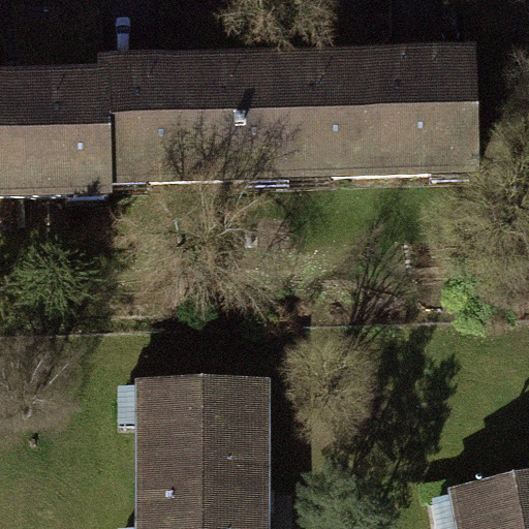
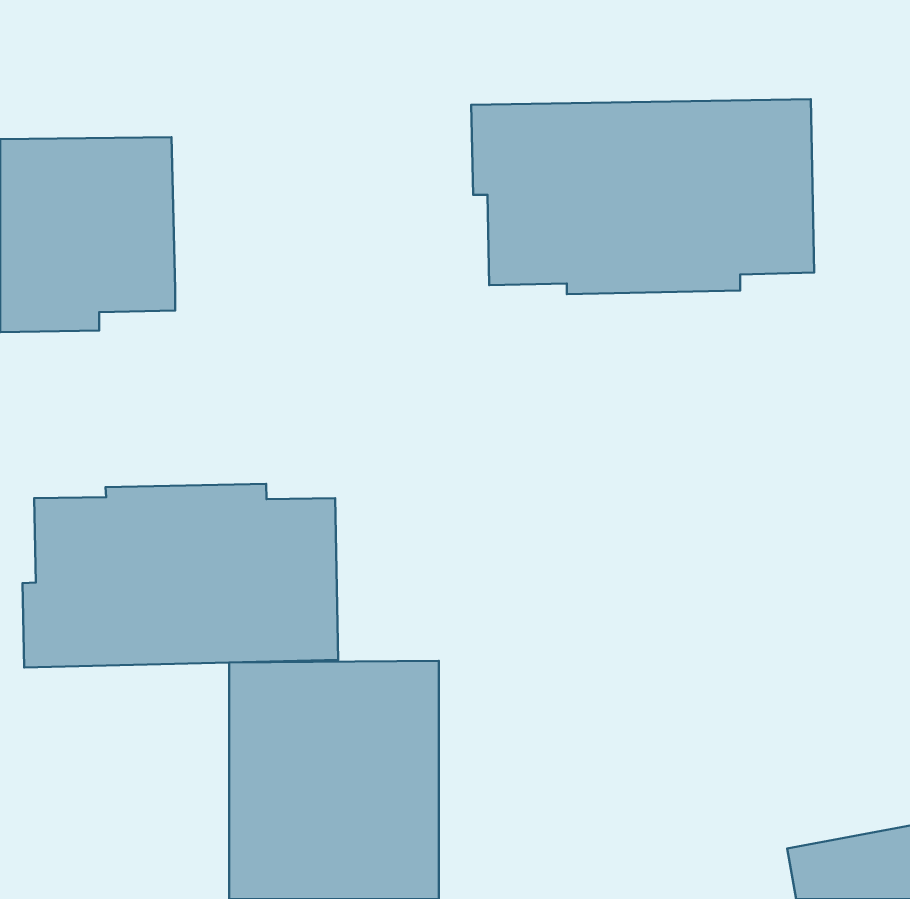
building: [105,60,287,173] -> none
building: none -> [23,484,338,667]

